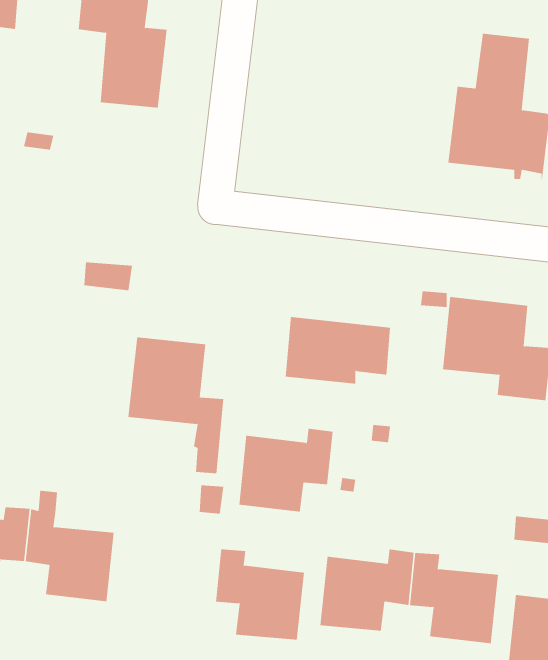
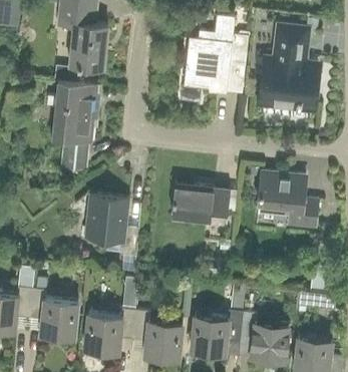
building: none -> [184,16,248,95]
building: none -> [51,81,100,144]
building: [238,428,333,512] -> [84,309,136,355]

